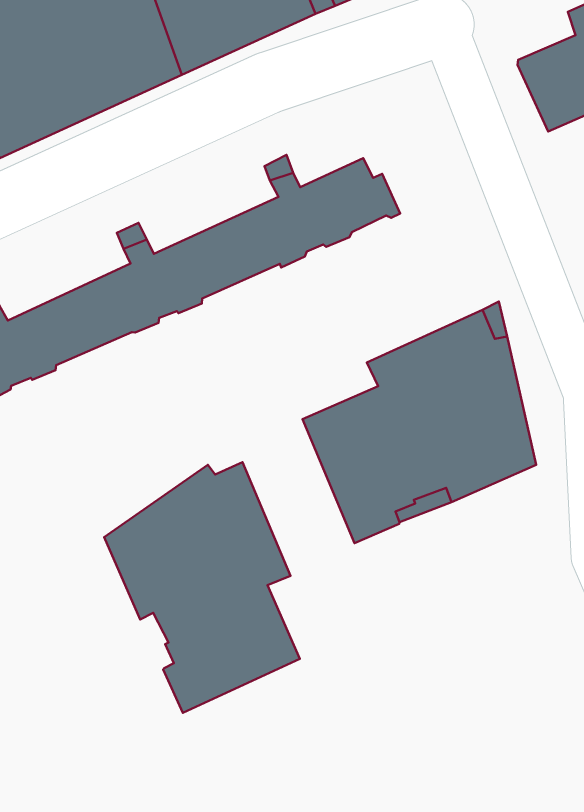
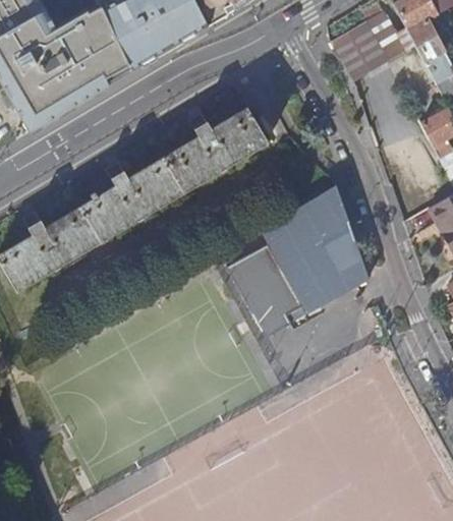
building: [104,462,300,713] -> none

